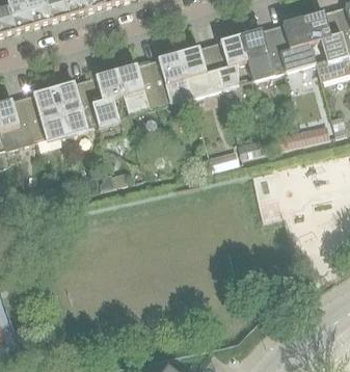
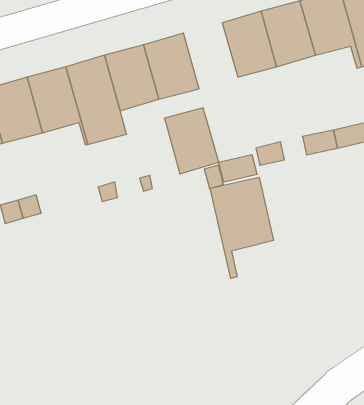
building: [181,43,224,96] -> [164,108,219,174]
building: none -> [210,177,274,278]

